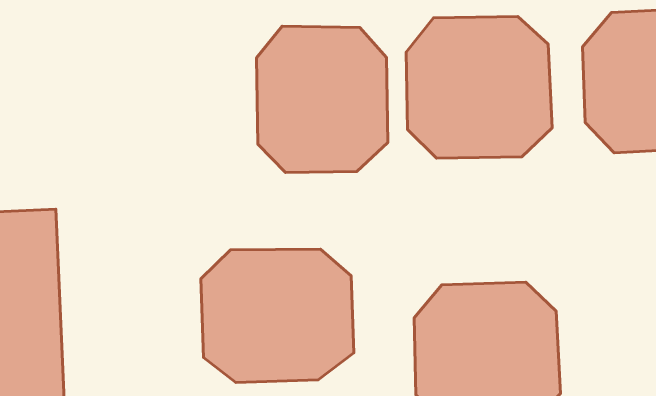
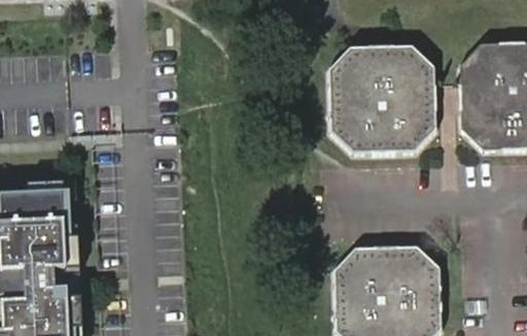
building: [256,26,388,173] -> none
building: [201,249,354,382] -> none

